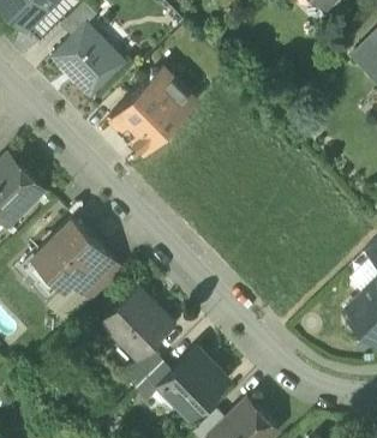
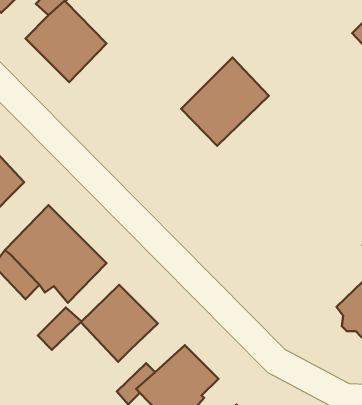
building: [112,68,193,151] -> [181,57,269,146]
building: [121,348,162,388] -> [38,307,81,350]

